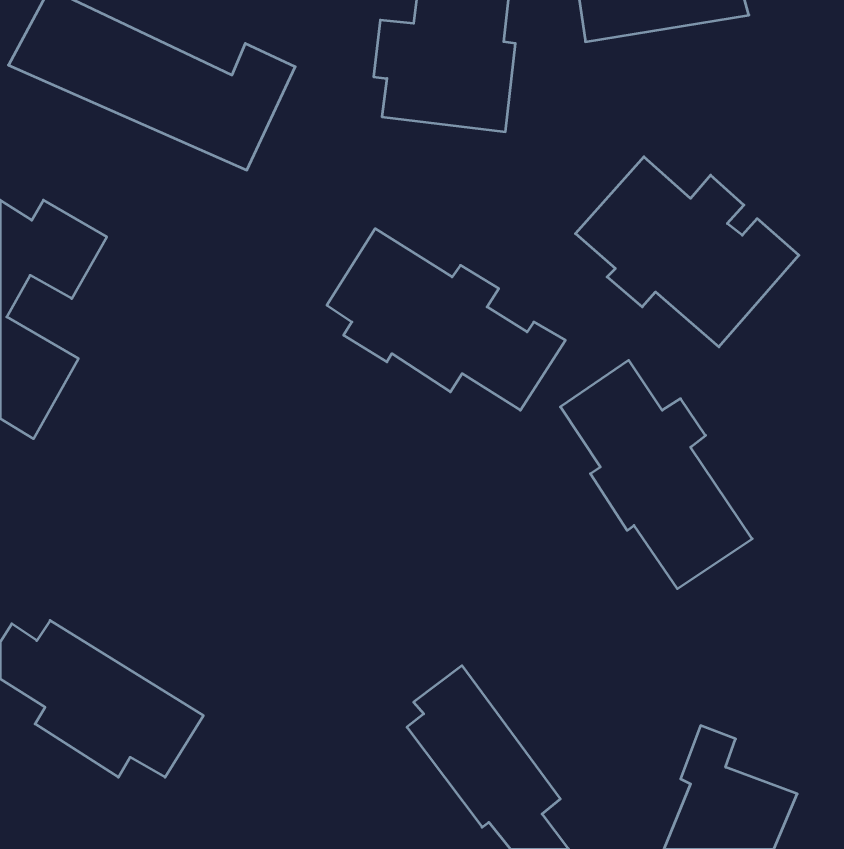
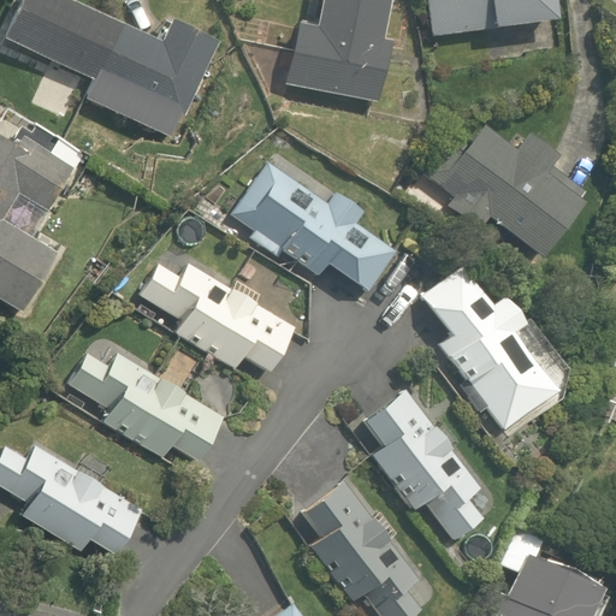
building: none -> [142,263,309,380]
building: none -> [72,349,231,468]
building: none -> [346,384,486,540]

